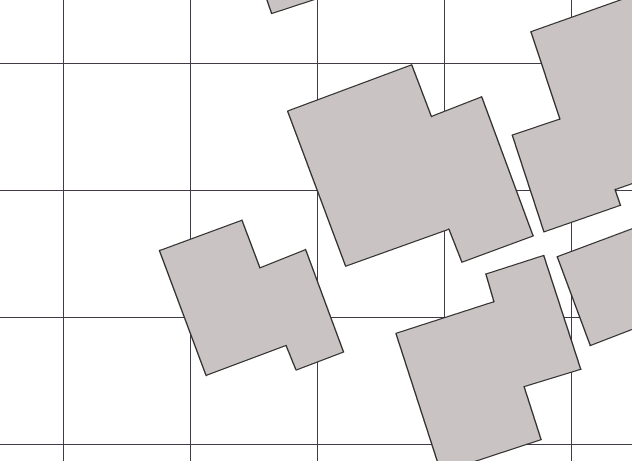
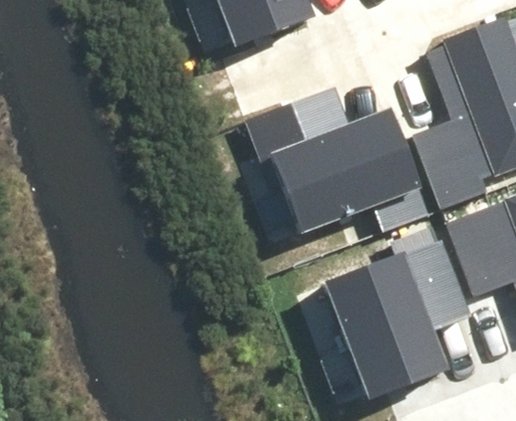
building: [160,220,344,376] -> none

